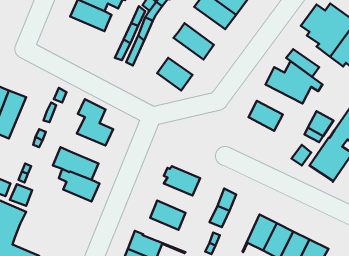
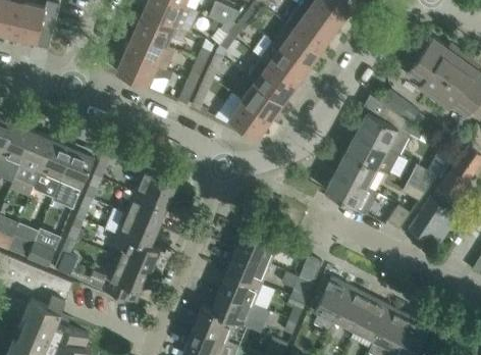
building: none -> [258,42,308,87]
building: none -> [115,53,172,88]
building: none -> [241,84,282,122]
building: none -> [345,134,399,175]
building: none -> [52,149,94,207]
building: none -> [324,172,375,215]
building: none -> [124,192,166,227]
building: none -> [227,251,269,286]
building: none -> [88,258,150,303]
building: none -> [310,278,349,332]
building: none -> [210,292,269,333]

